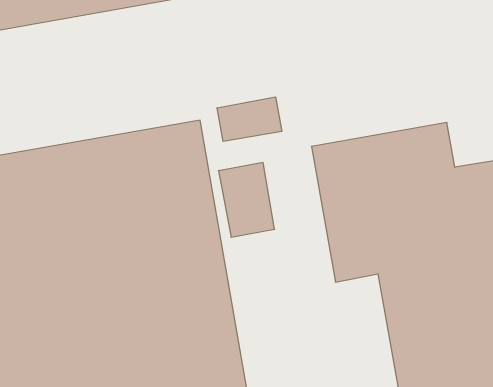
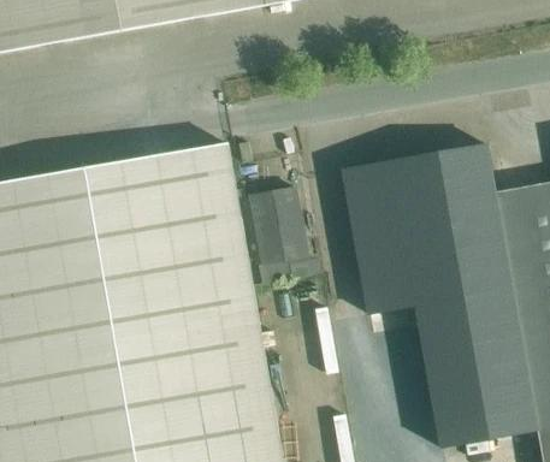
building: [217,97,282,141] -> none

